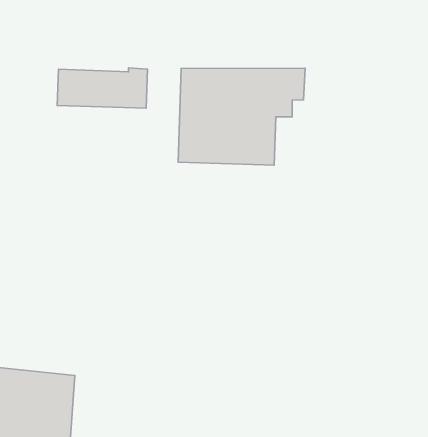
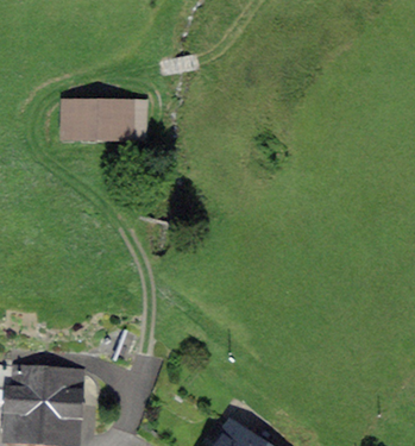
building: [178,68,305,165] -> none

